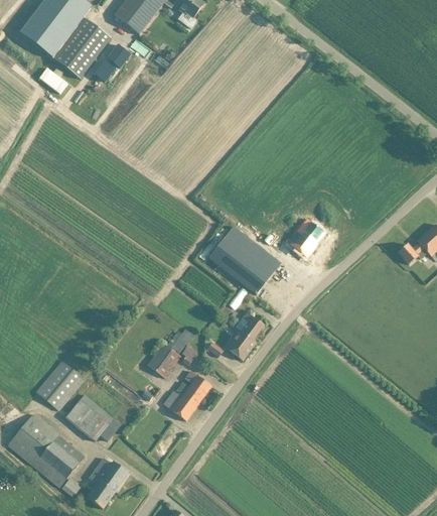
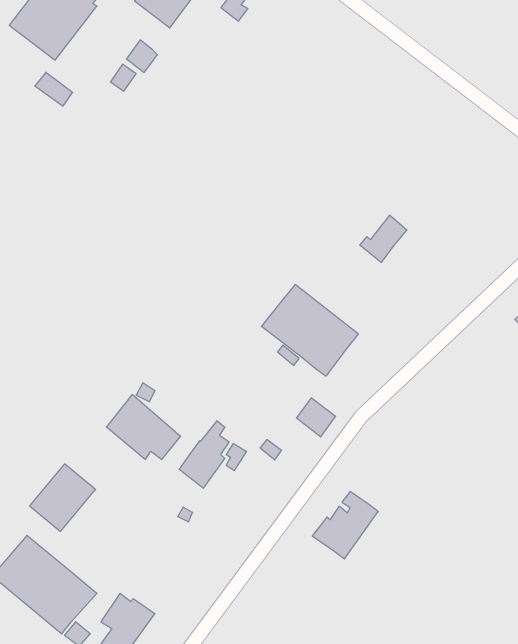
building: [54,18,111,79] -> none
building: [289,222,324,257] -> [360,215,407,262]
building: [226,330,256,360] -> none
building: [162,370,211,420] -> [312,491,378,559]
building: [65,393,121,441] -> [106,395,181,459]

